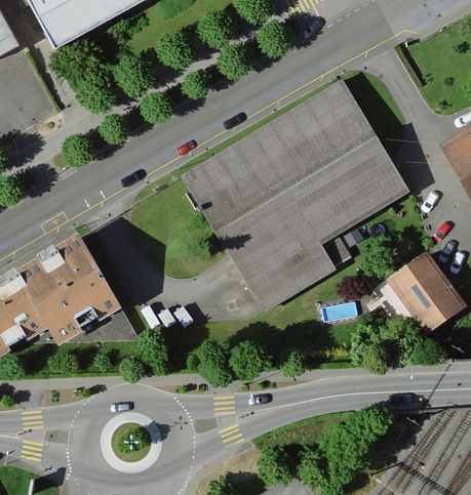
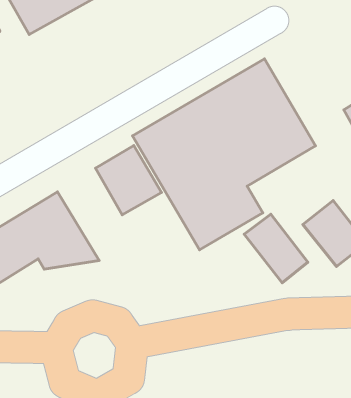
building: none -> [96,146,161,215]
building: none -> [244,214,308,283]

